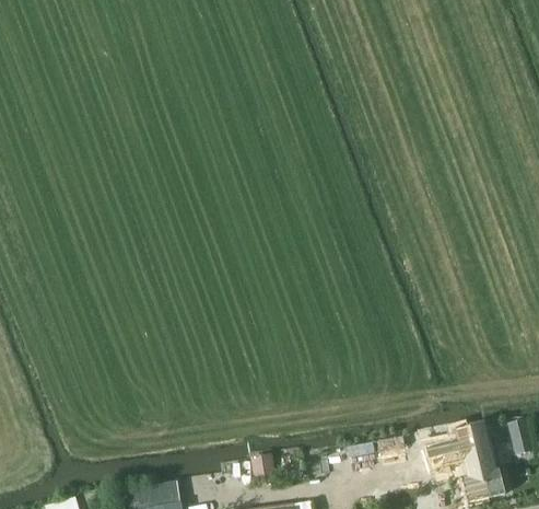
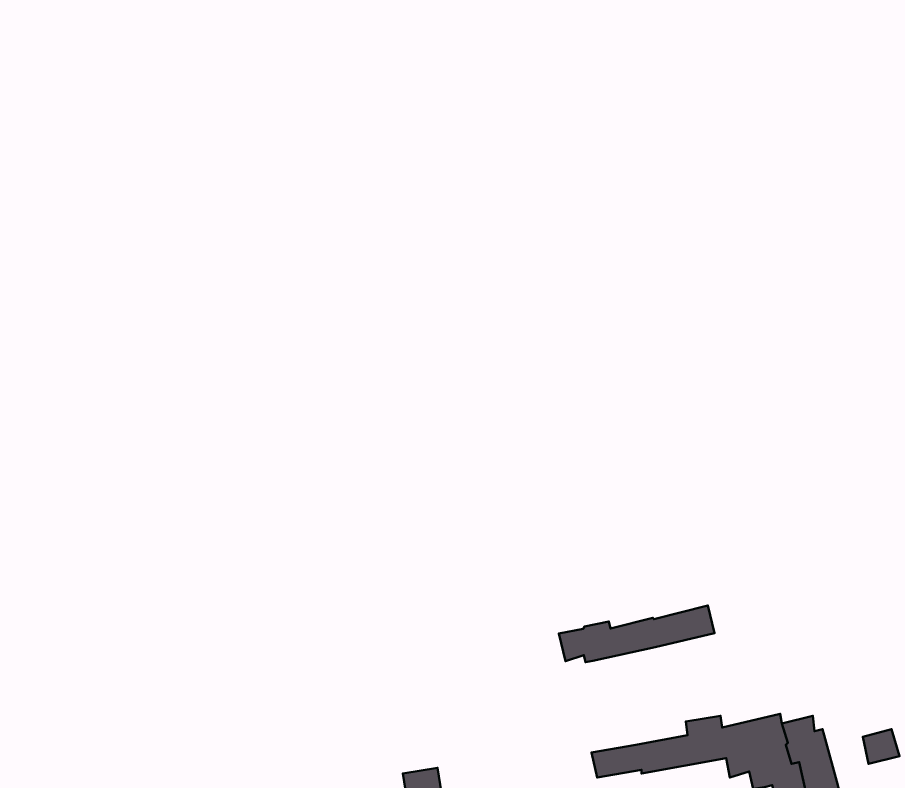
building: none -> [559,606,715,662]

